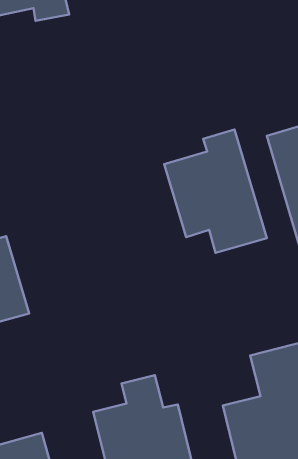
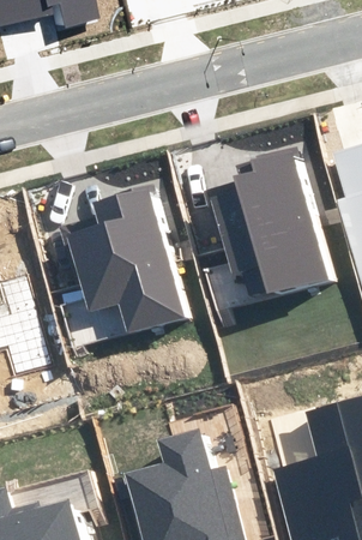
building: none -> [70,191,185,331]

